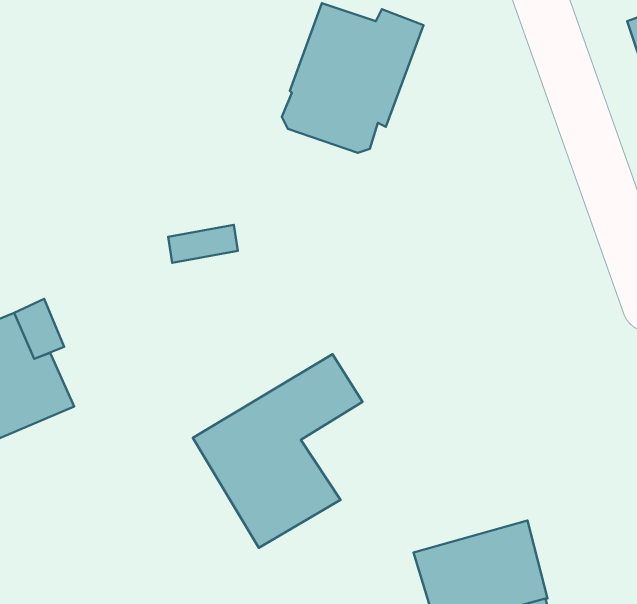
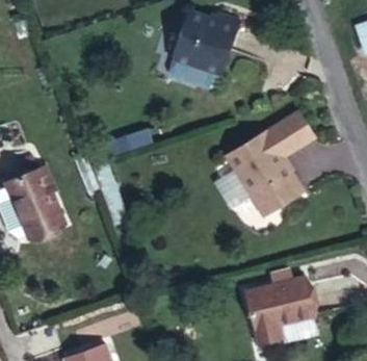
building: [193,354,363,548] -> [226,114,314,215]

